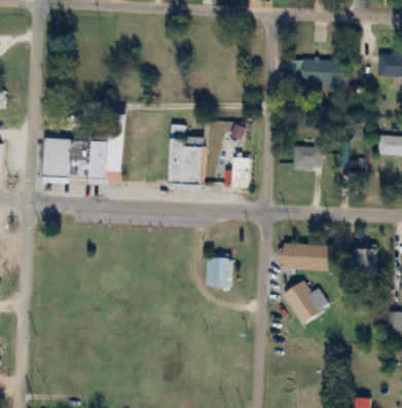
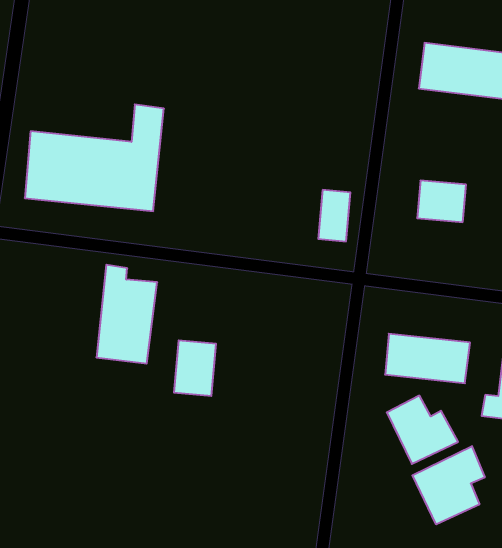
building: [171,127,205,187] -> [96,265,157,364]
building: [207,253,230,286] -> [174,340,216,396]
building: none -> [412,446,485,524]

